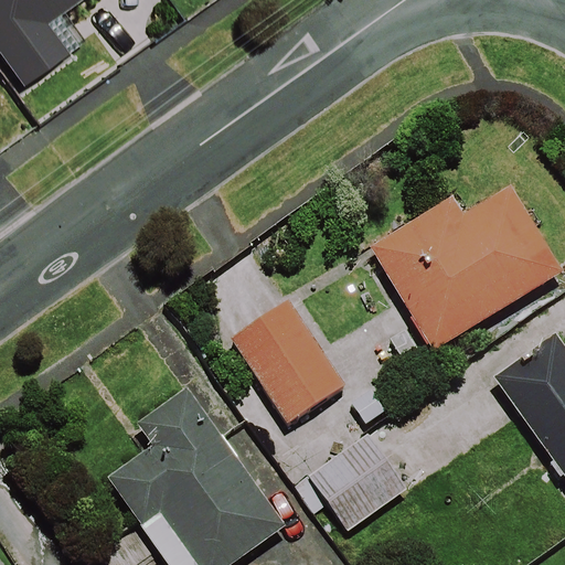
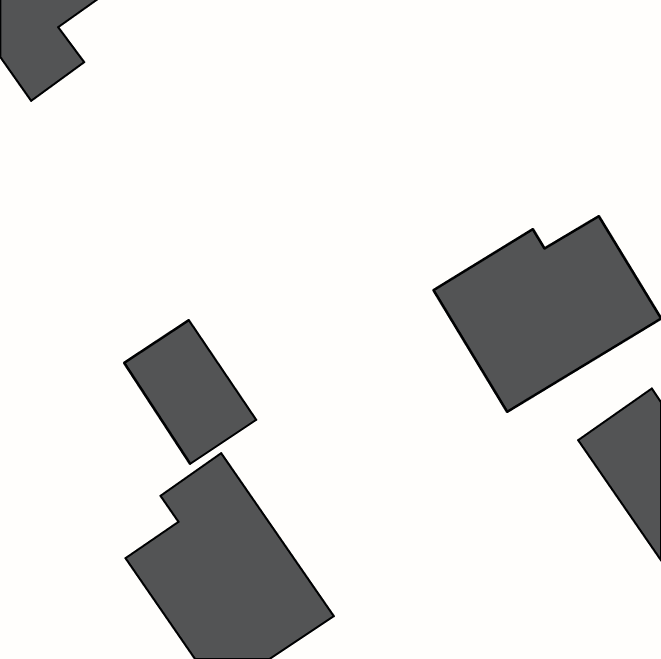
building: [233,300,345,423] -> [124,320,256,464]
building: [308,434,408,531] -> none

